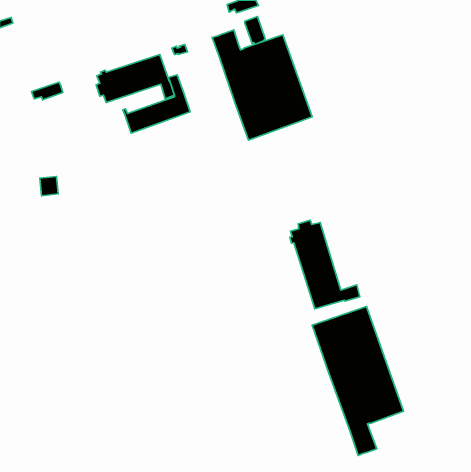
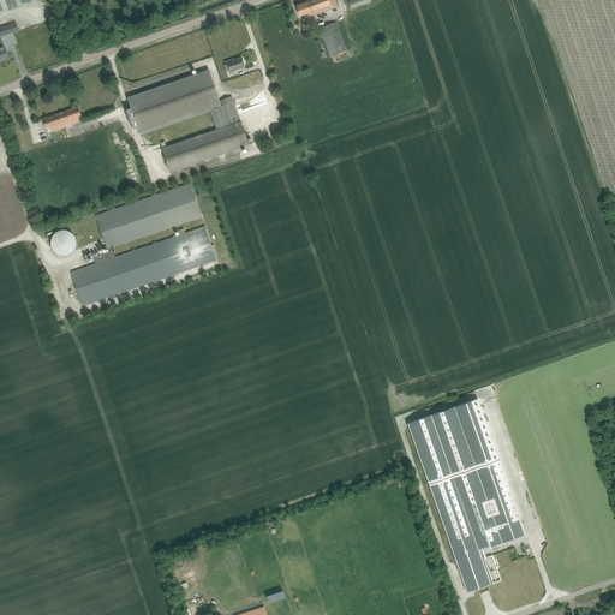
building: [212,30,312,140] -> none
building: none -> [70,183,215,306]
building: [290,220,360,309] -> none

